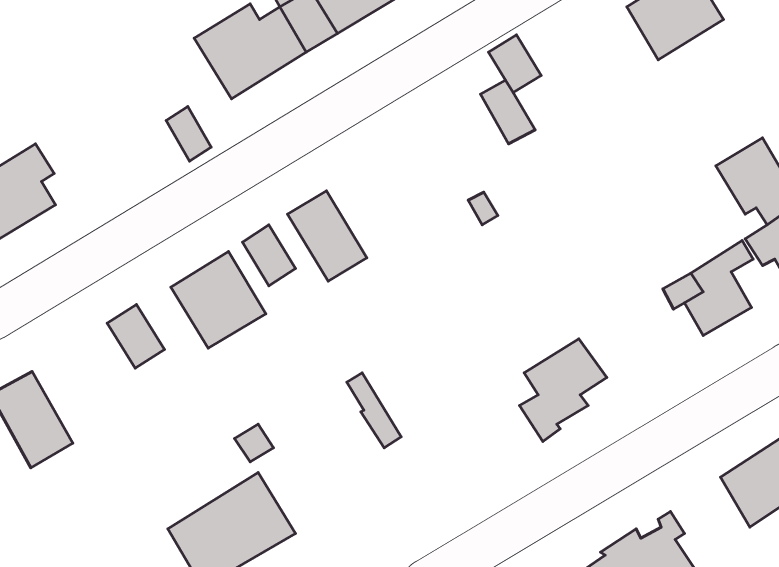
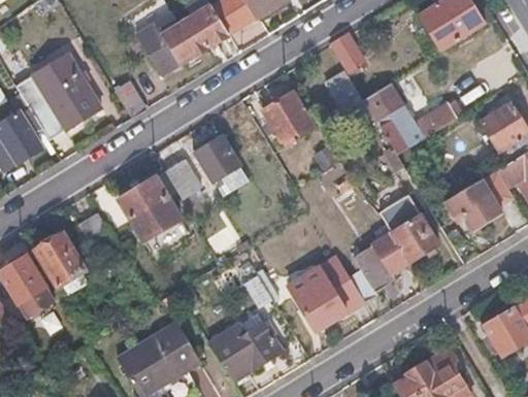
building: none -> [15,52,101,138]
building: none -> [362,82,464,154]
building: none -> [263,92,314,140]
building: none -> [372,191,438,260]
building: none -> [35,232,87,287]
building: none -> [289,256,365,331]
building: none -> [208,323,280,379]

